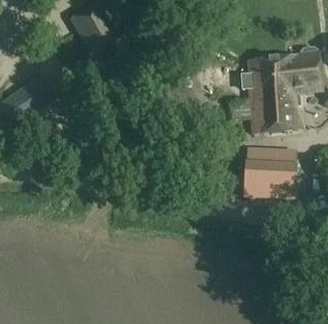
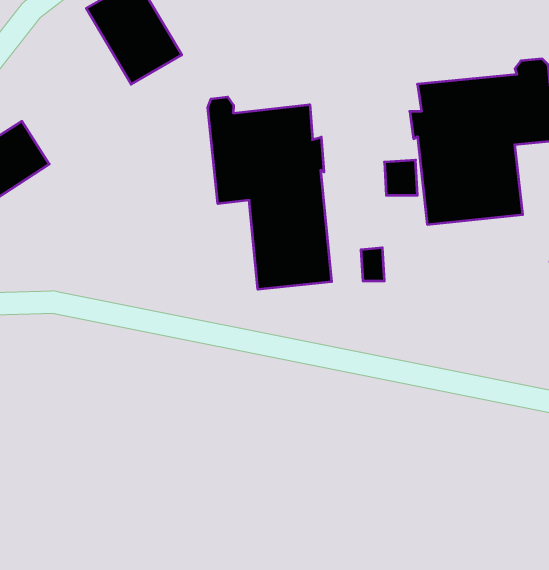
building: none -> [208,97,332,289]
building: [244,159,296,197] -> none

